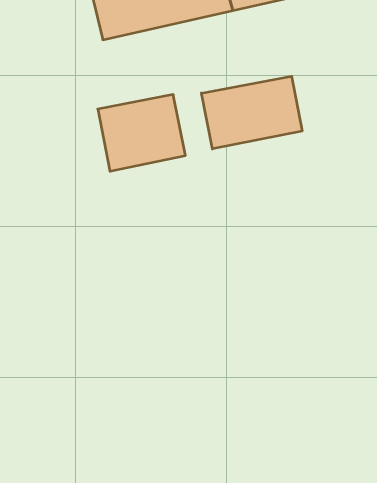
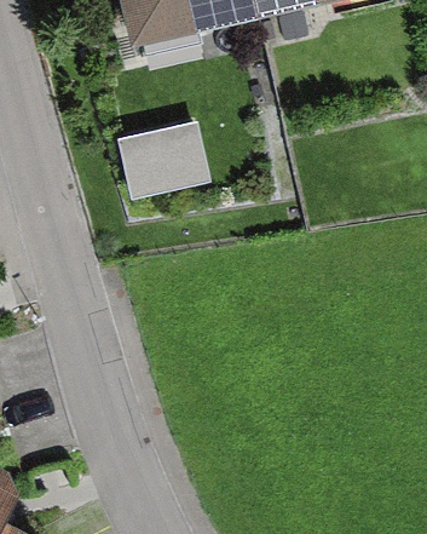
building: [201,76,302,149] -> none

